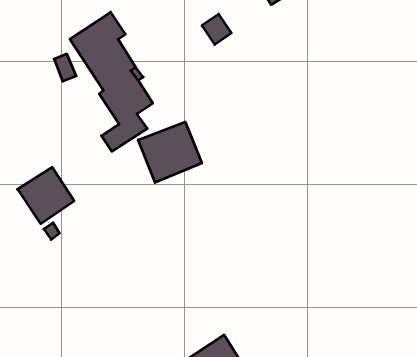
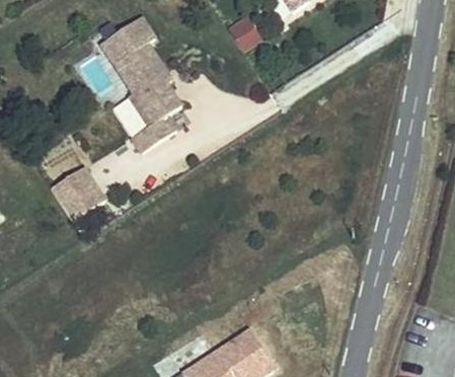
building: [138,122,202,183] -> none

